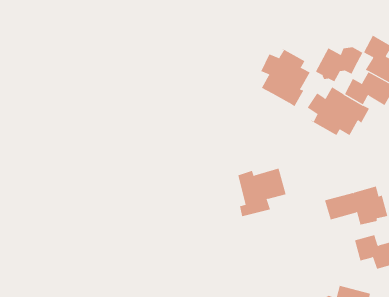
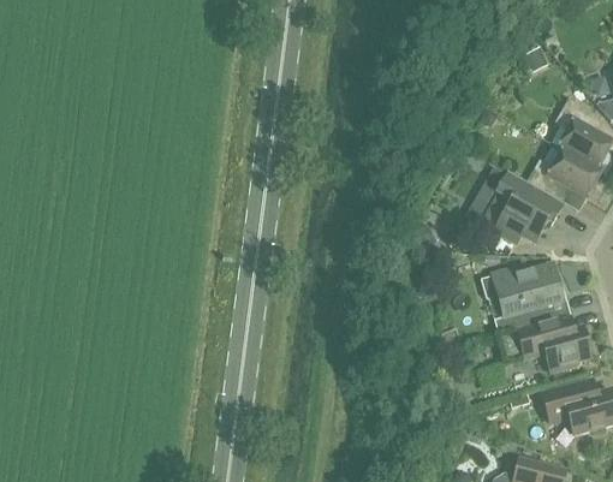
building: [315,46,363,82] -> none
building: [260,47,310,107] -> none
building: [237,168,287,217] -> [492,264,563,335]

